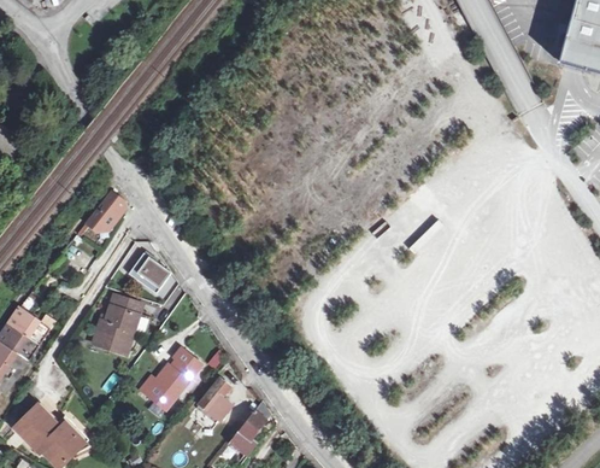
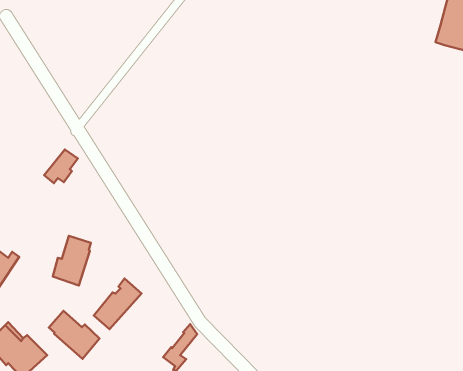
building: [127,250,170,292] -> none
building: [198,379,230,420] -> none
building: none -> [49,311,99,359]

